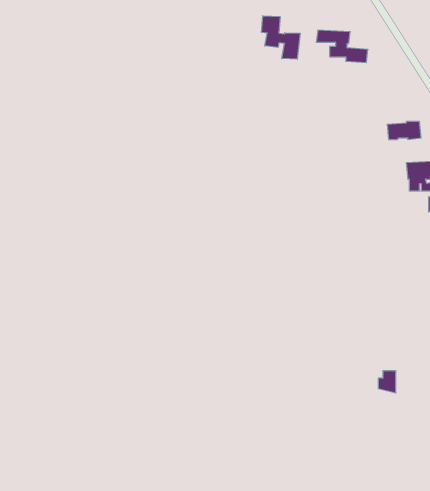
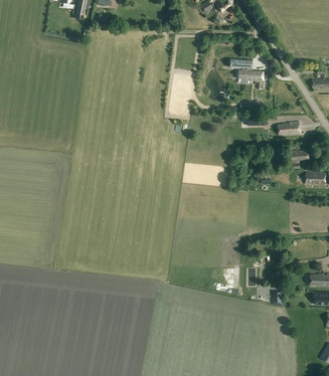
building: [262,16,300,59] -> none

